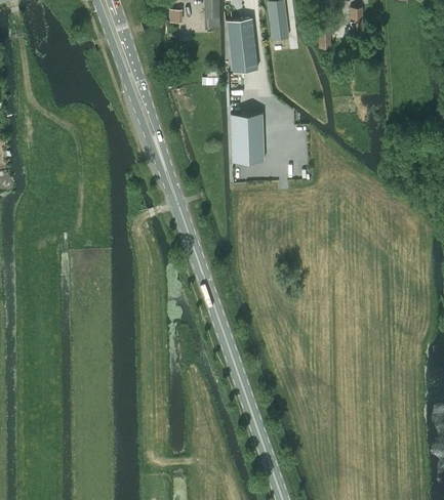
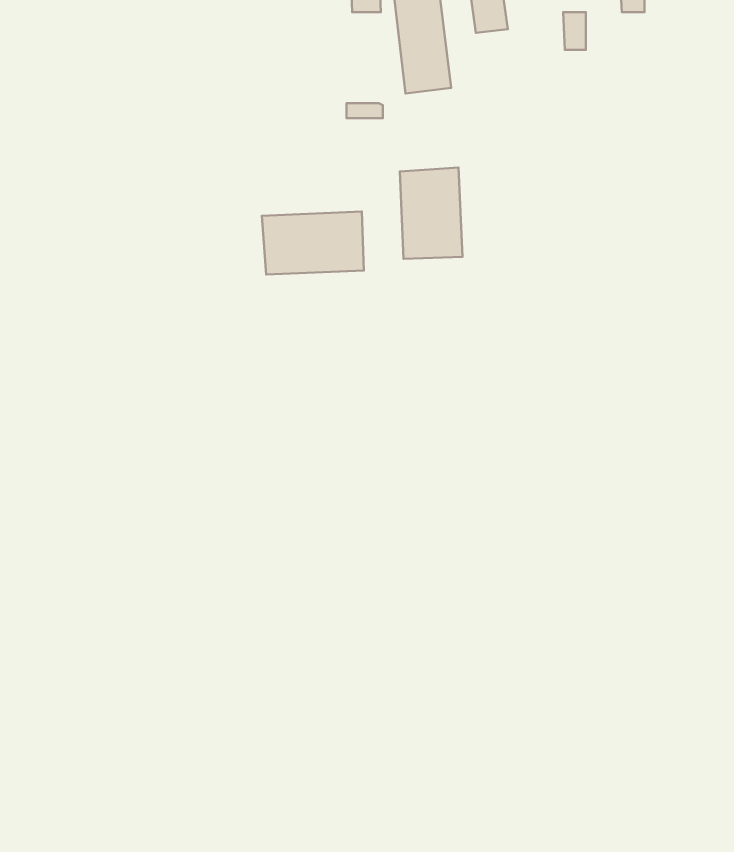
building: none -> [262,212,364,274]

